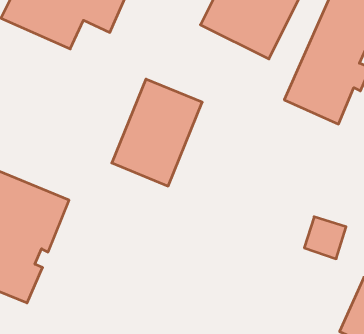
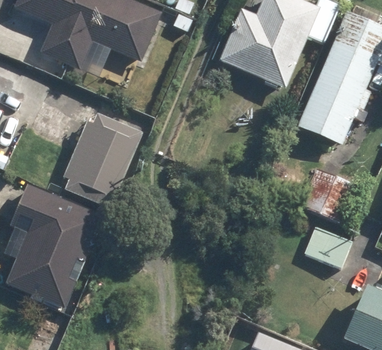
building: [112,79,202,186] -> [61,111,143,208]

